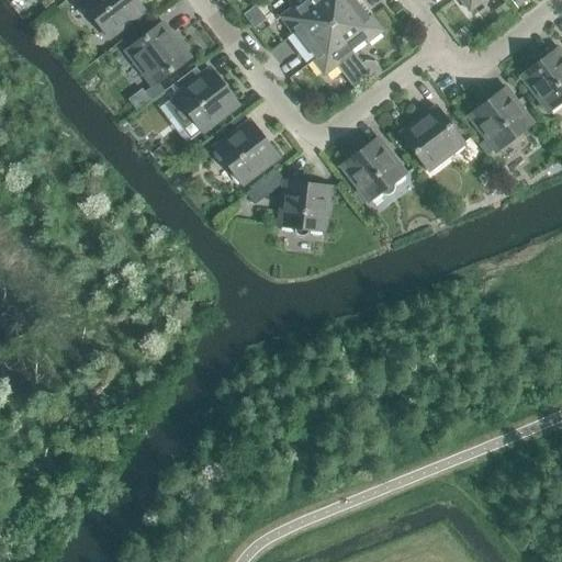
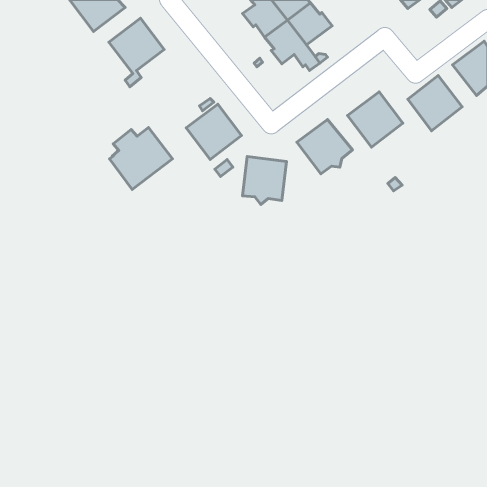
building: [166,67,238,138] -> [109,127,172,190]

